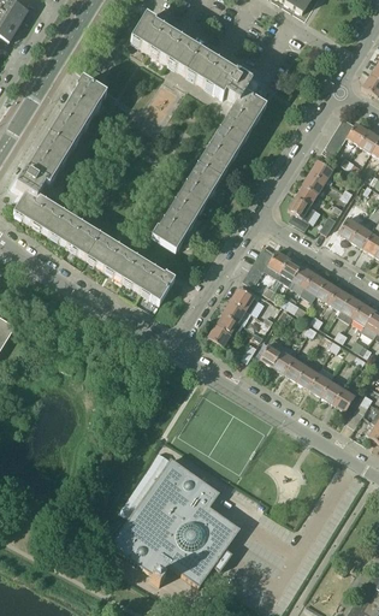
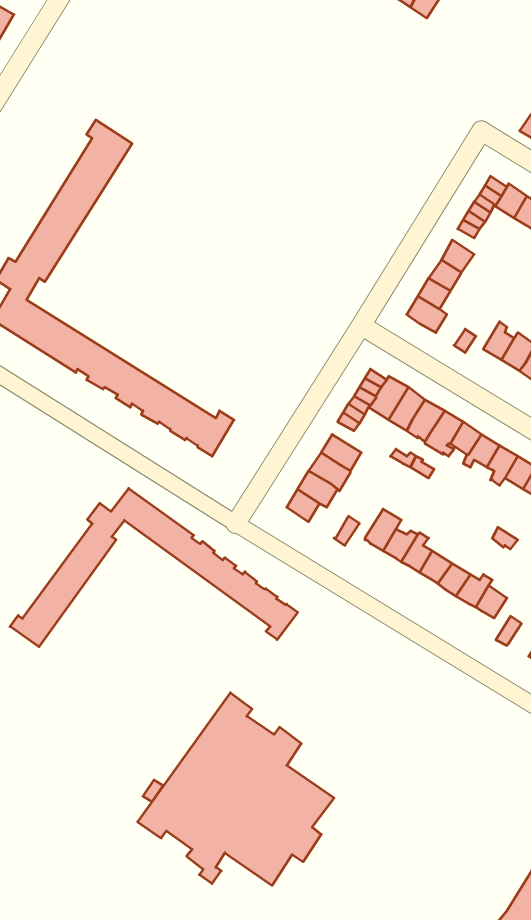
building: [130,16,266,250] -> none
building: none -> [10,488,298,647]

